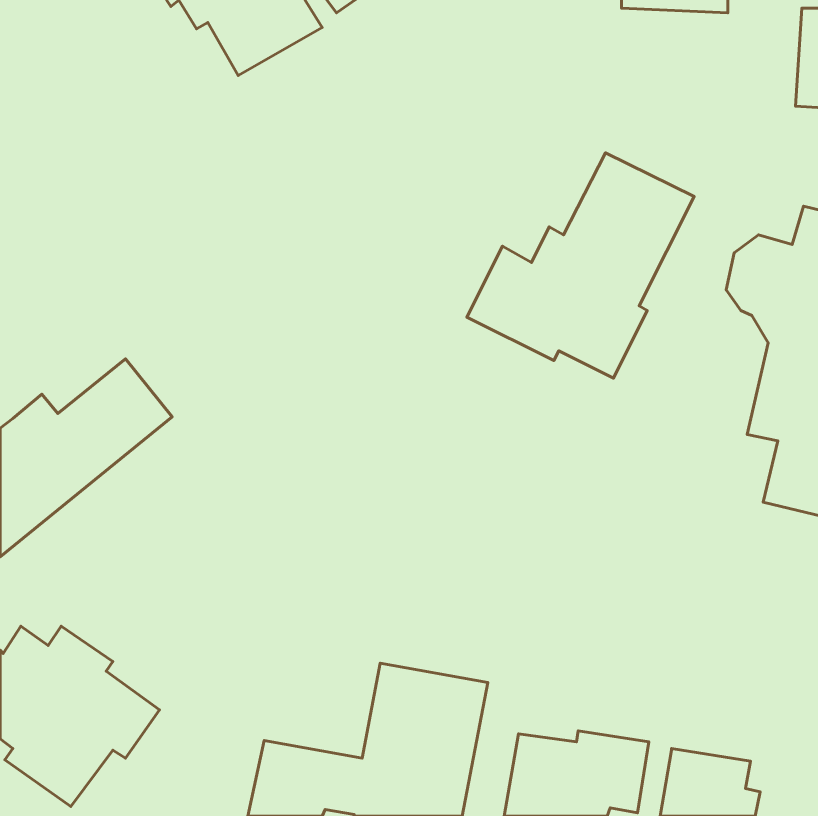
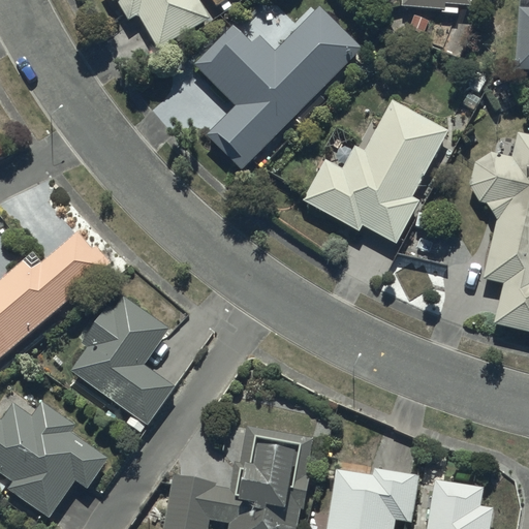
building: none -> [192,7,359,170]
building: none -> [70,299,175,425]

